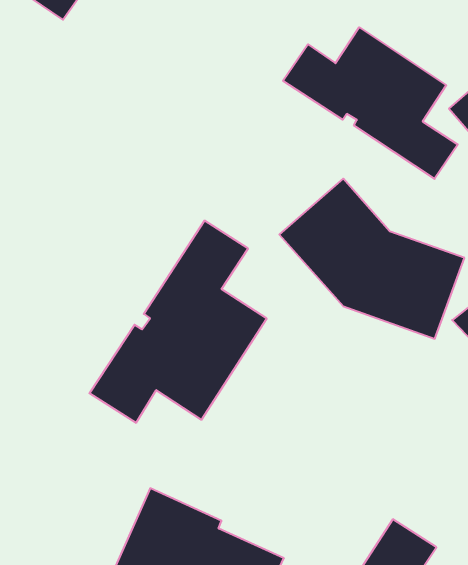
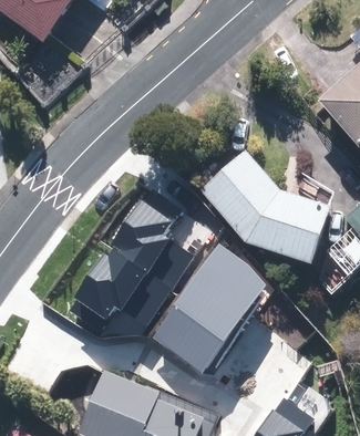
building: [283,27,458,179] -> none
building: none -> [153,240,265,367]

